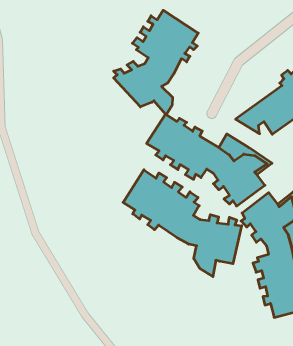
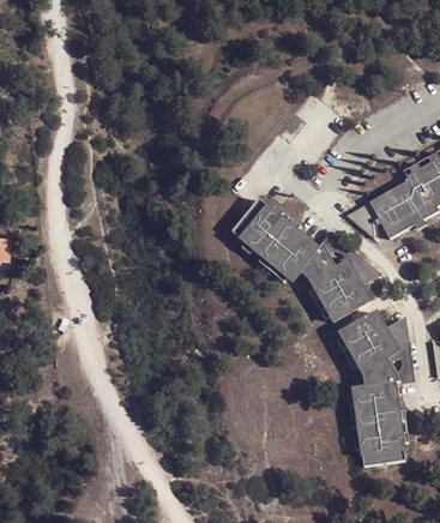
building: [114,10,198,115] -> none
building: [123,170,242,277] -> none

